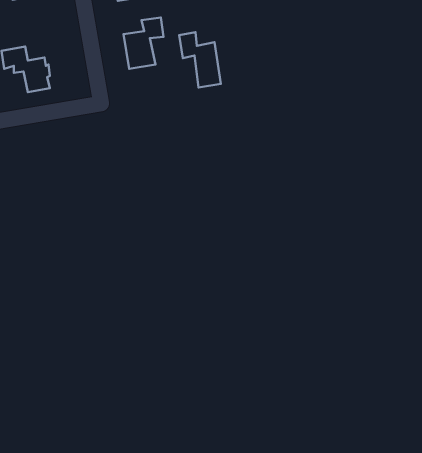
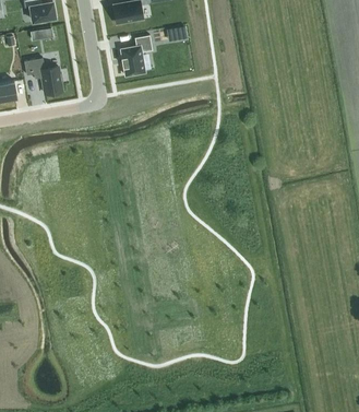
building: [179,32,221,87] -> none

